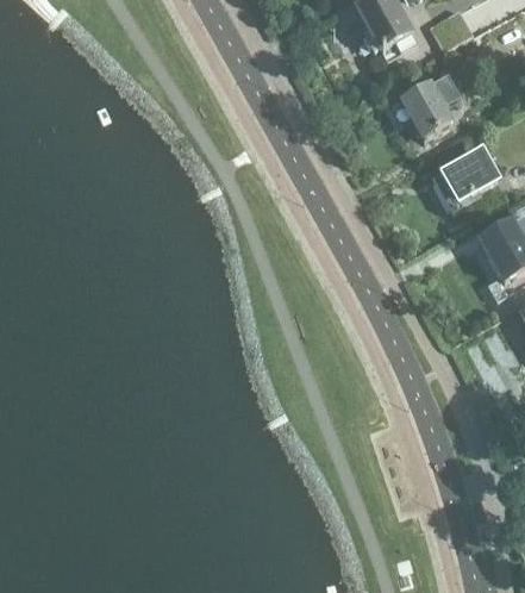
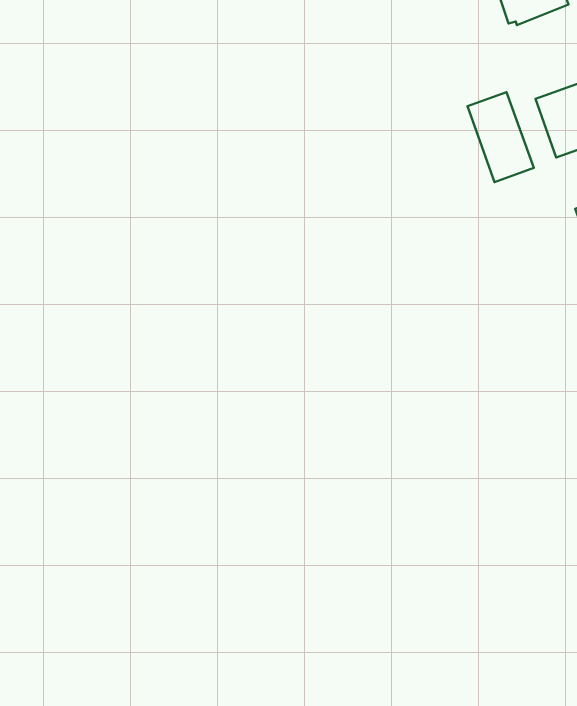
building: none -> [467,92,534,182]

